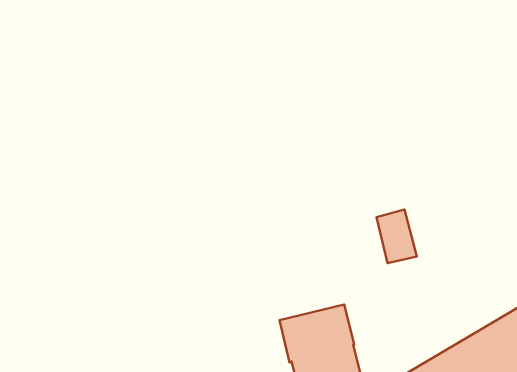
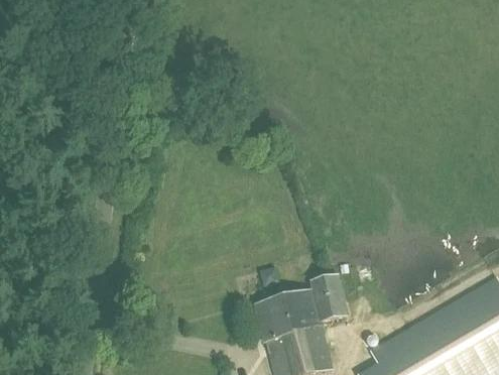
building: [376,210,417,263] -> [310,272,347,321]

